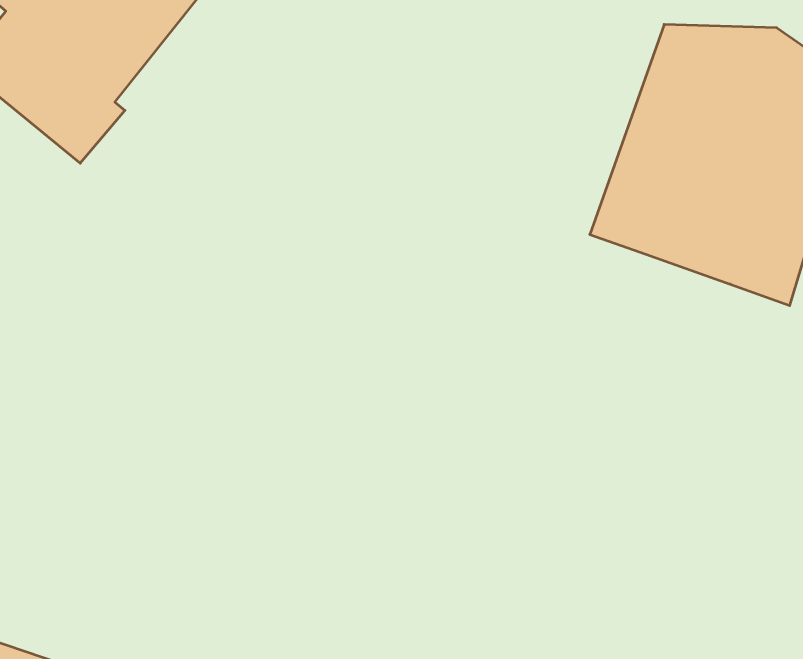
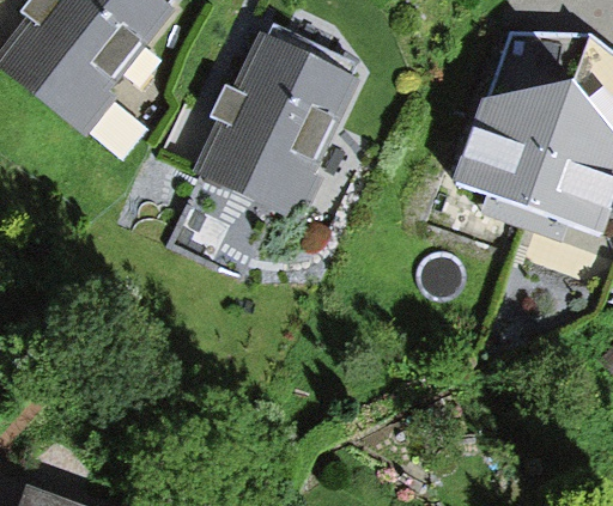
building: none -> [190,26,359,221]

